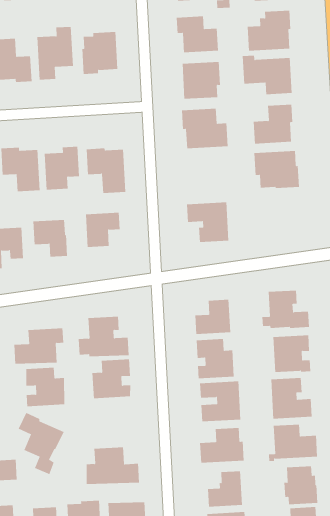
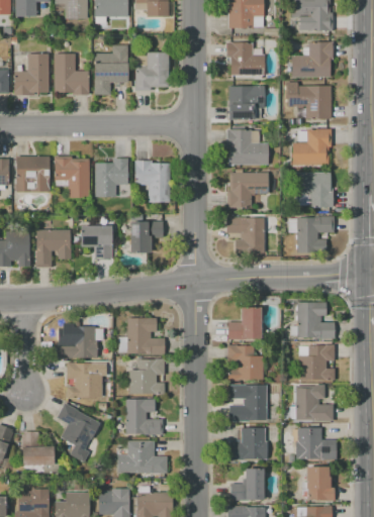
building: none -> [226,173,268,209]
building: none -> [297,216,334,253]
building: none -> [124,400,163,434]

